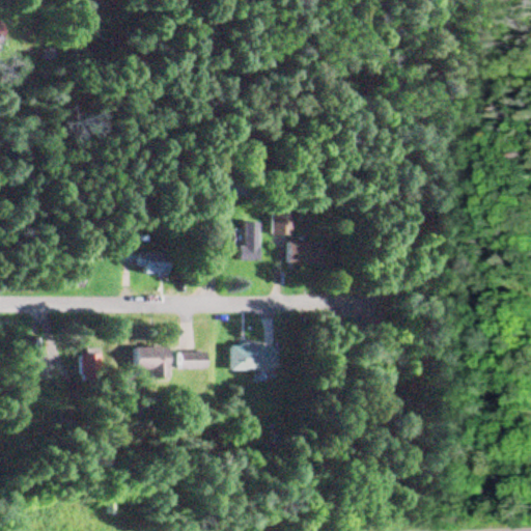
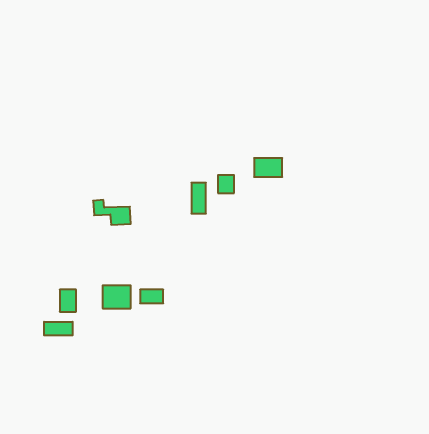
building: [287,241,322,263] -> [254,158,282,177]
building: [231,344,278,370] -> none
building: none -> [44,322,73,335]

